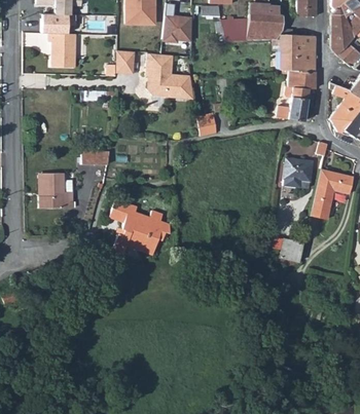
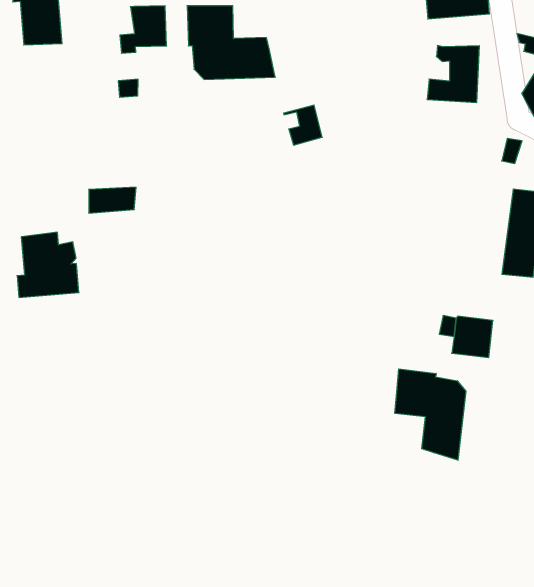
building: [288,70,316,87] -> none
building: [284,159,312,188] -> none
building: [111,198,170,250] -> none
building: none -> [395,369,466,460]

